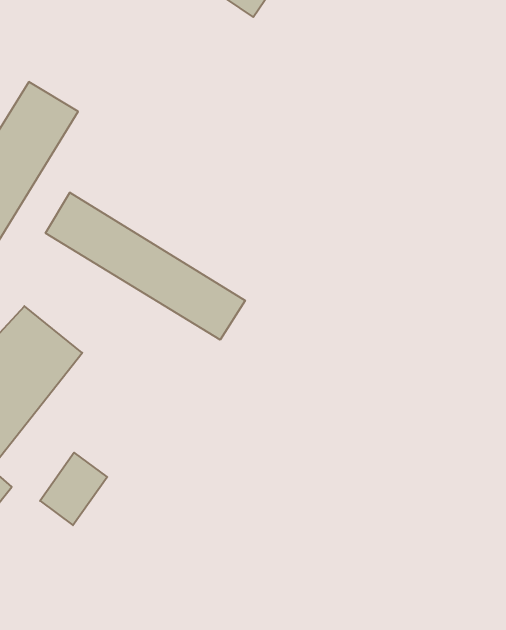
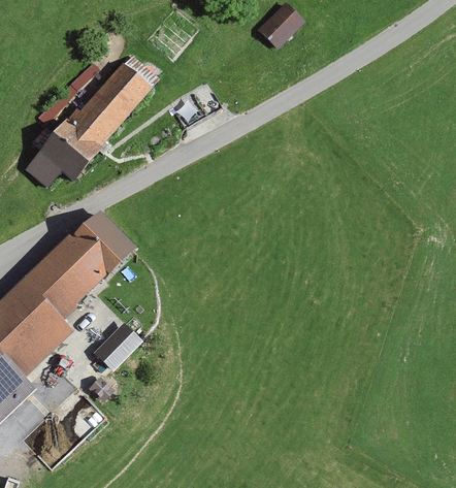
building: [46,192,245,340] -> none

